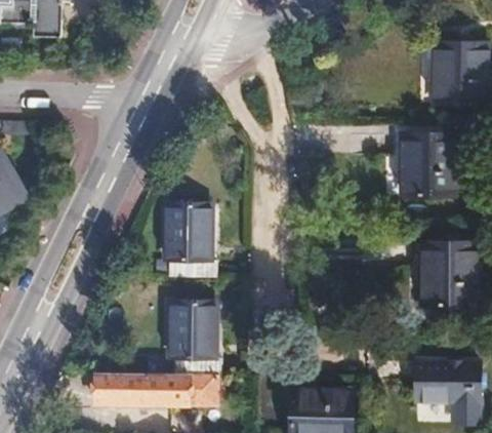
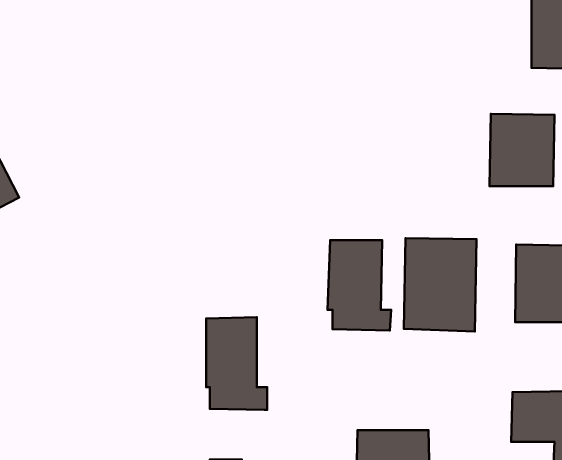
building: [164,205,215,278] -> [328,240,391,330]
building: none -> [404,238,477,332]
building: [96,373,218,405] -> none

